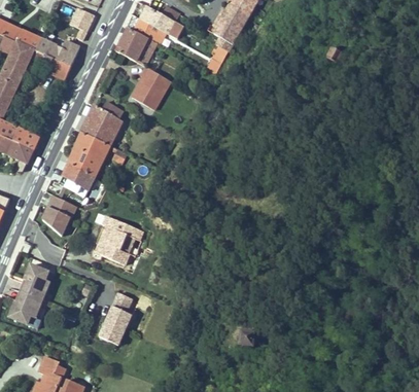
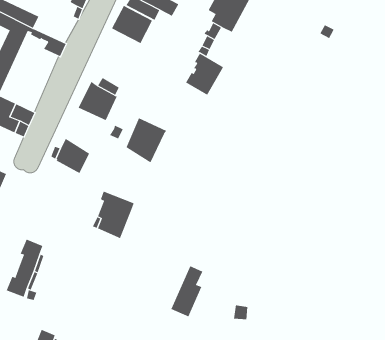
building: [36,38,79,66] -> none
building: [131,66,170,109] -> [185,53,224,96]
building: [68,131,110,177] -> [125,118,167,163]
building: [42,195,77,235] -> none
building: [100,291,133,344] -> [171,265,203,317]

